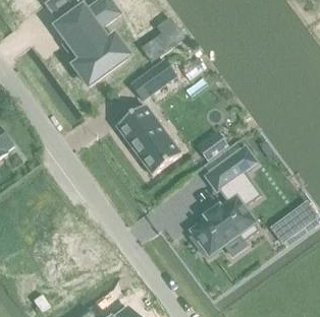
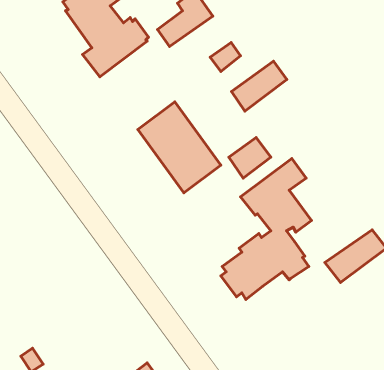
building: [130,60,173,99] -> [232,61,287,111]

